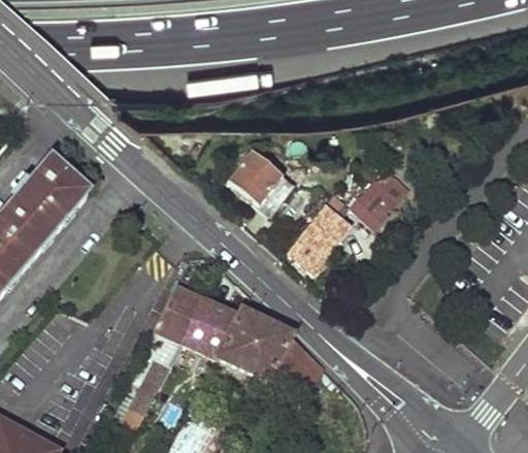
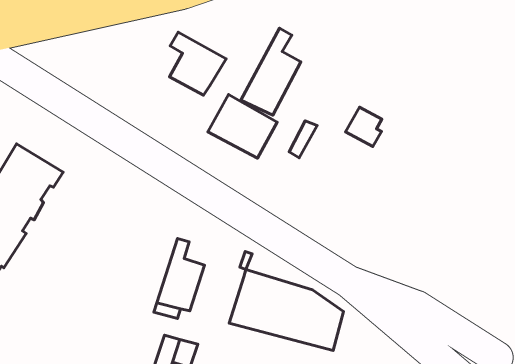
building: none -> [169,32,226,95]
building: [287,186,348,264] -> [241,28,301,115]
building: [182,300,236,357] -> none

